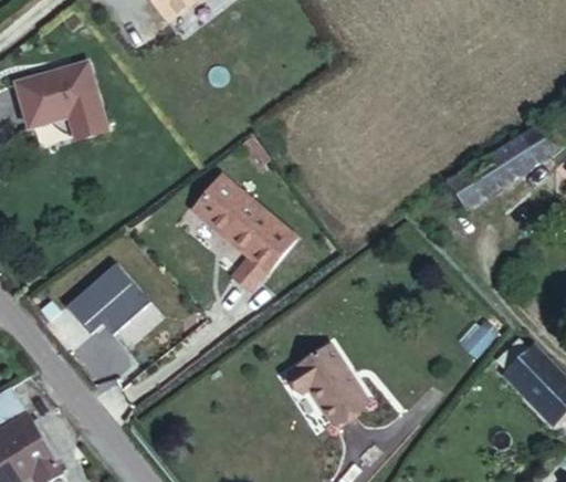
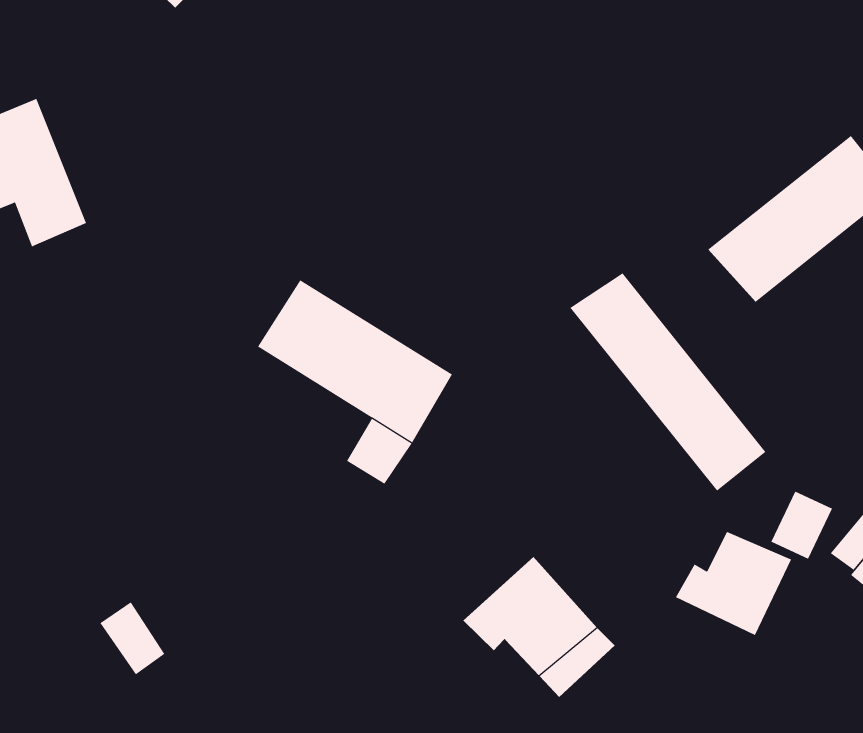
building: none -> [569,273,766,491]
building: [65,272,150,345] -> none
building: none -> [675,531,792,636]

